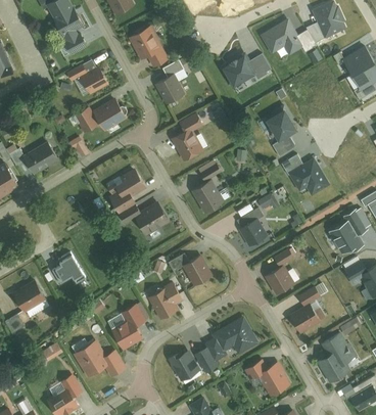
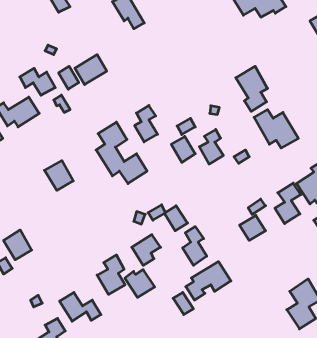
building: [219,54,269,88] -> none
building: [67,64,105,93] -> [20,68,55,95]
building: [157,67,182,107] -> none
building: [177,122,201,160] -> [135,105,158,142]
building: [238,213,264,249] -> [199,129,223,164]
building: [55,252,86,284] -> [44,161,73,190]
building: none -> [183,227,207,265]
building: [289,287,317,330] -> [275,183,301,224]
building: [168,350,199,379] -> [125,270,155,297]
building: [246,356,290,389] -> none

